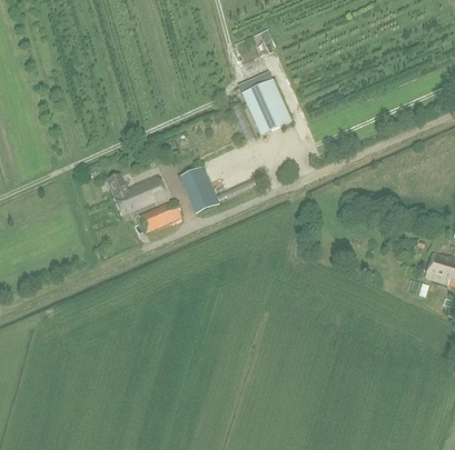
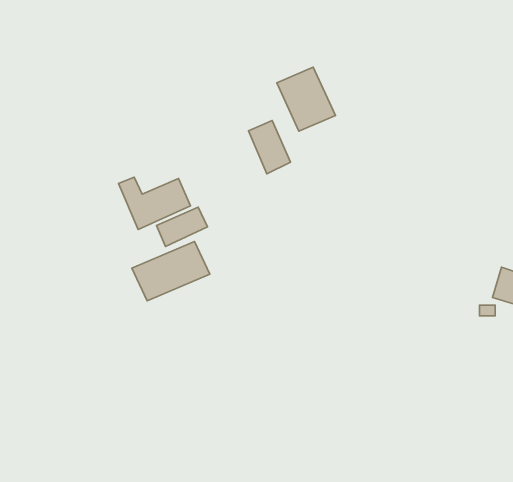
building: [182,166,218,211] -> [249,120,290,174]
building: none -> [132,241,210,301]

